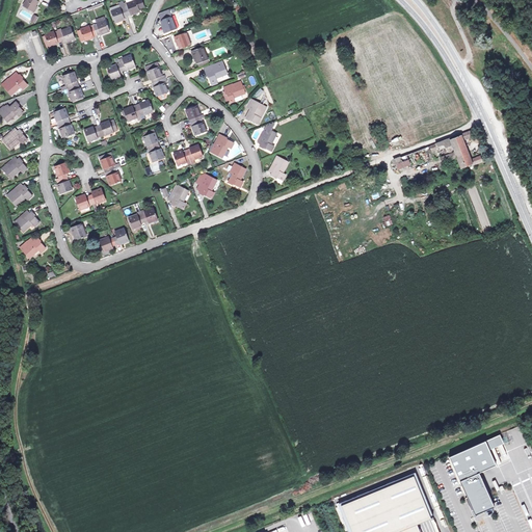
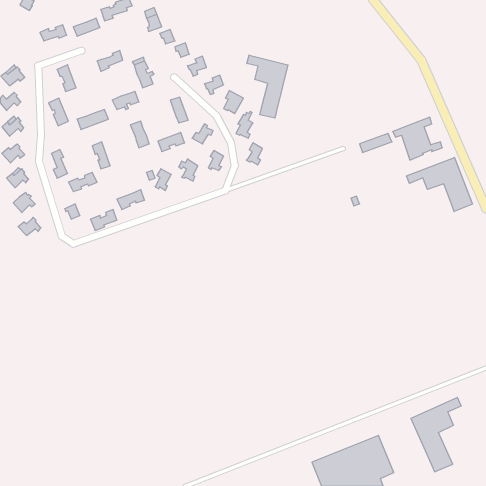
building: none -> [247,55,288,118]
building: none -> [406,157,472,212]

